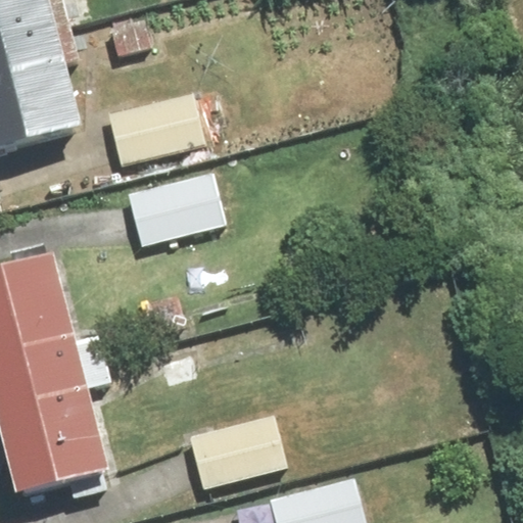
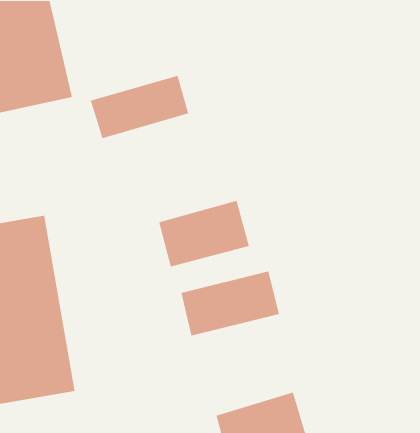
building: [120,163,230,245] -> [158,200,250,268]
building: [179,420,298,500] -> [181,270,280,337]

